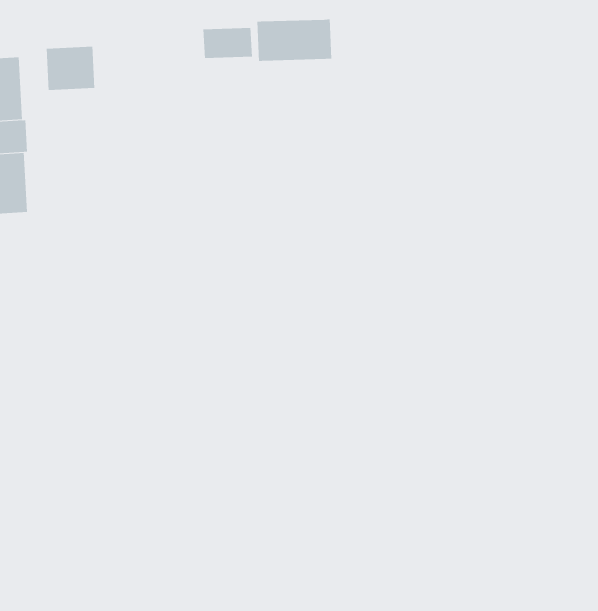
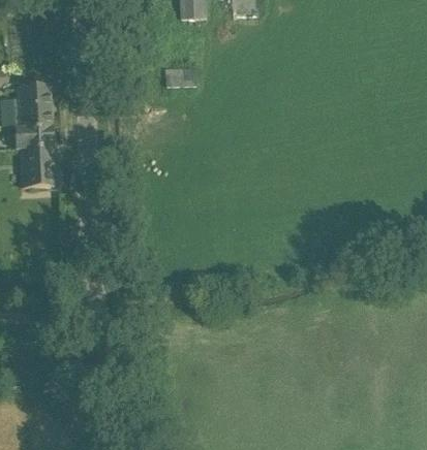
building: [257,18,332,62] -> none
building: [46,46,95,91] -> none

